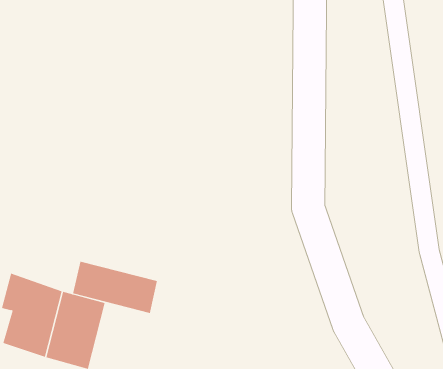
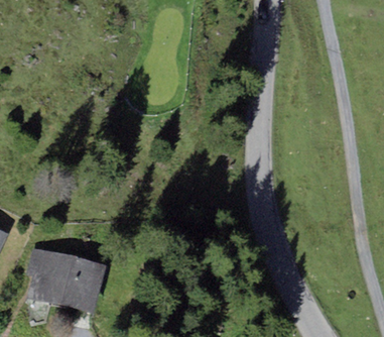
building: [73,261,158,314] -> none

